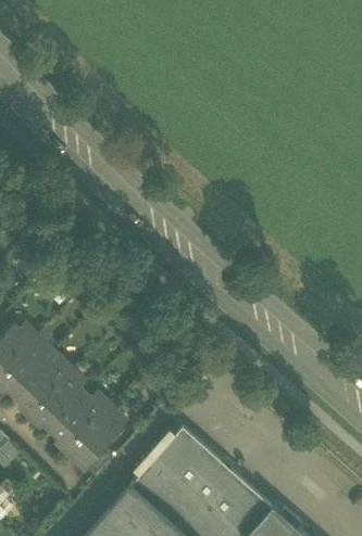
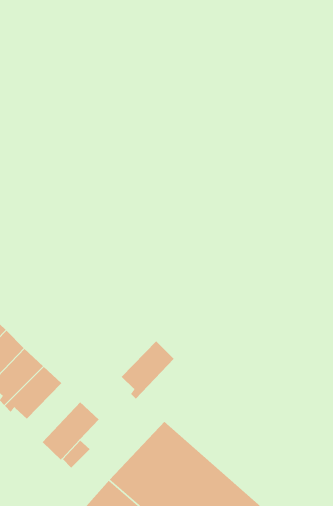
building: [54,392,105,448] -> [121,341,174,400]

